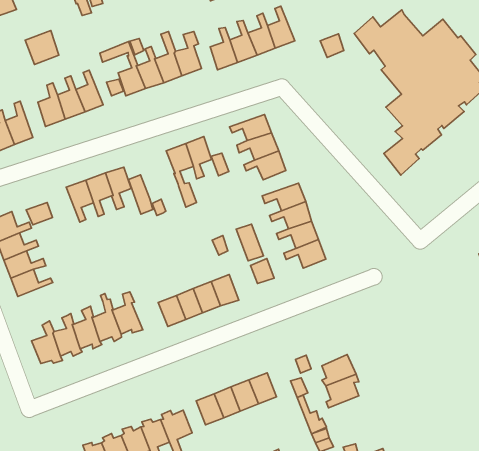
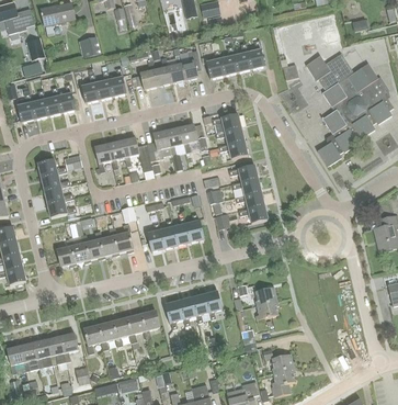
building: none -> [146,130,171,161]

